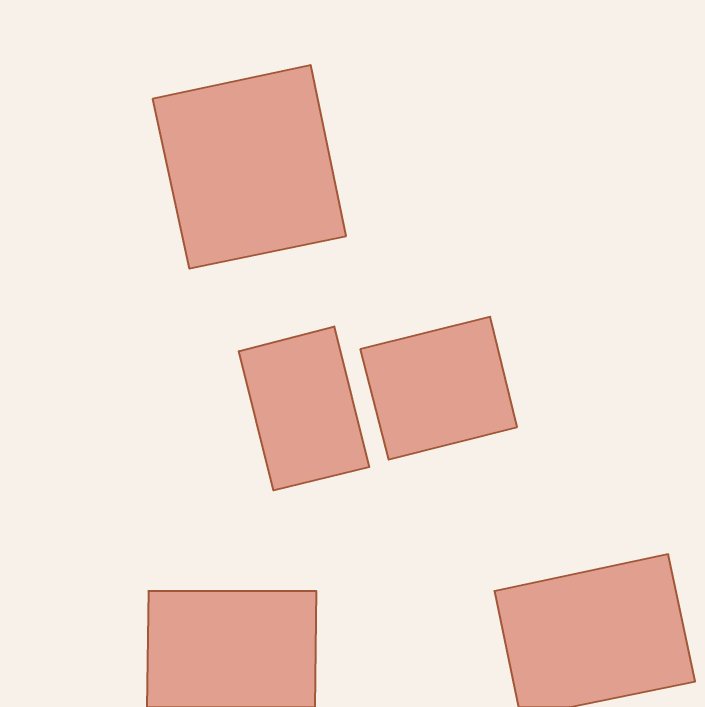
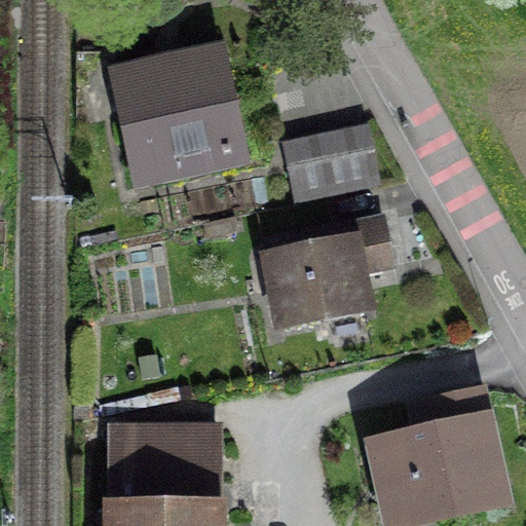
building: none -> [280,121,381,203]
building: [239,326,369,490] -> none

